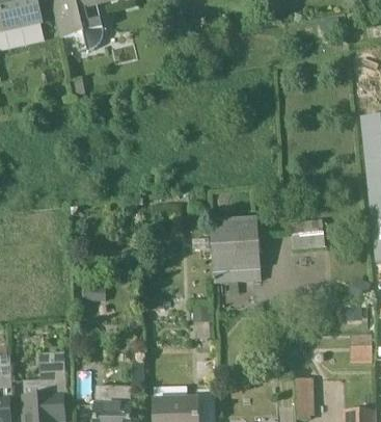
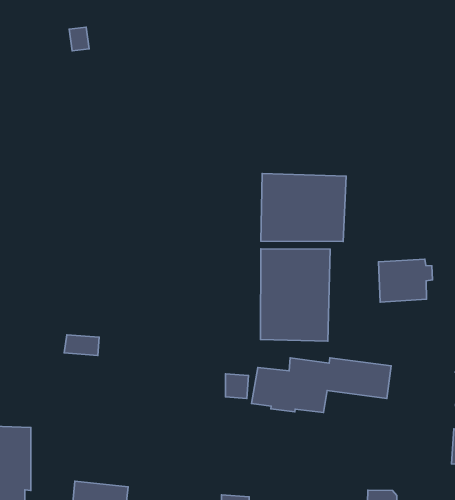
building: none -> [261,174,346,242]
building: none -> [252,358,391,412]

